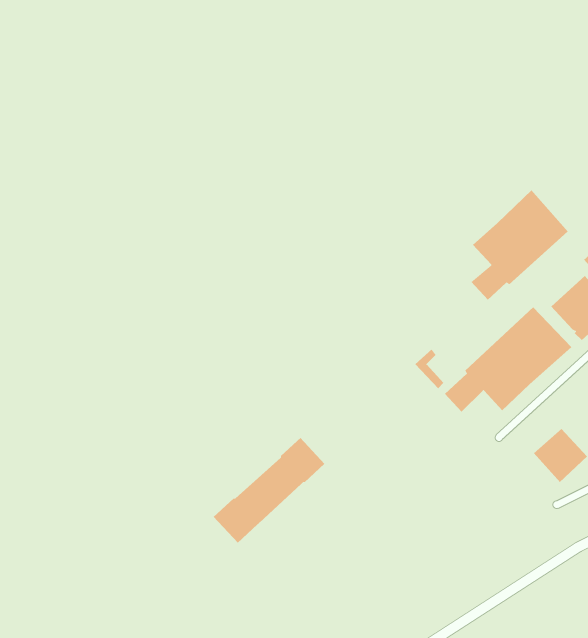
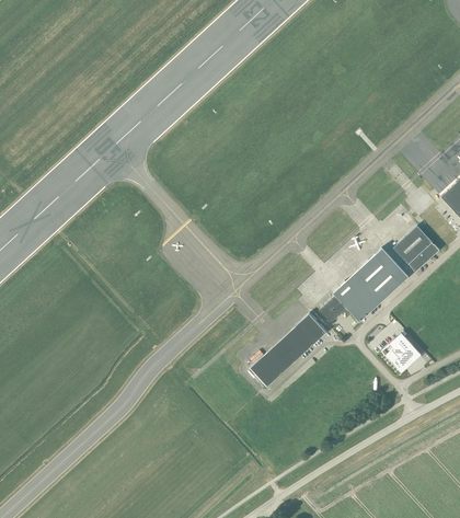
building: [471,190,568,300] -> none
building: [213,437,325,543] -> [249,312,327,387]

